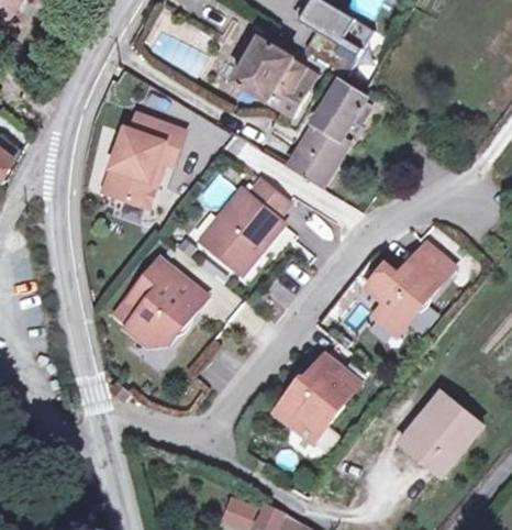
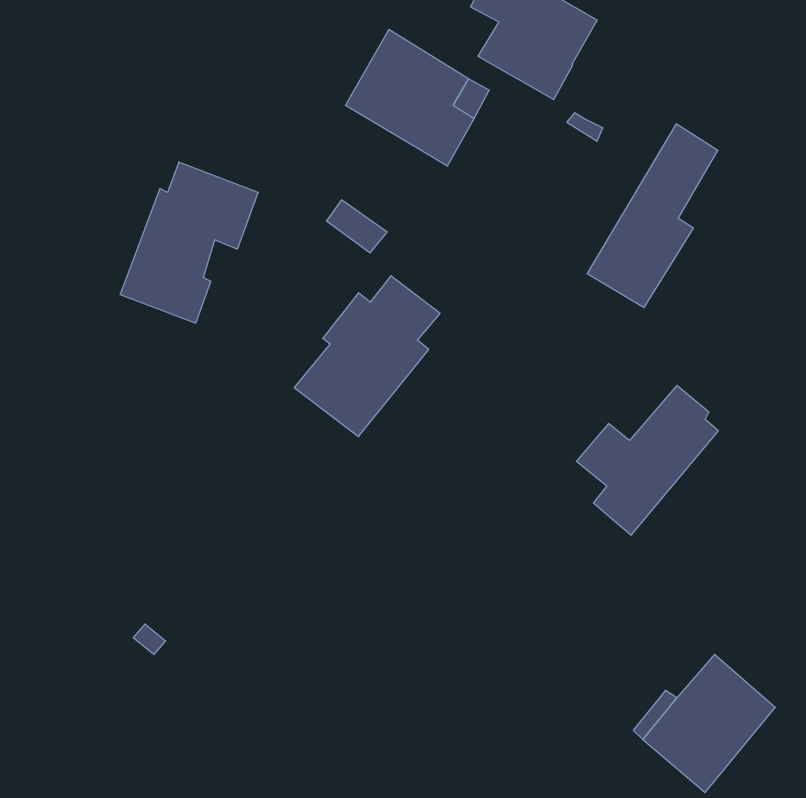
building: [285,80,360,187] -> [587,124,718,308]
building: [113,257,204,345] -> none
building: [272,353,359,441] -> none

